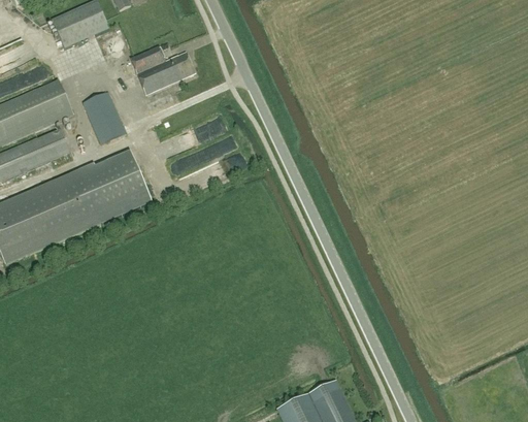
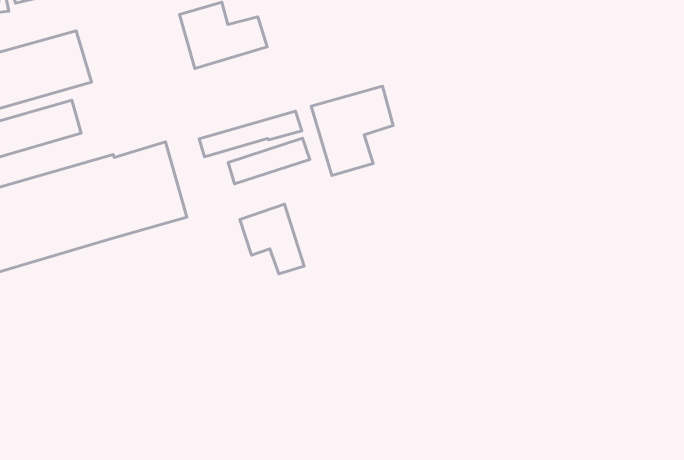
building: none -> [311,86,393,176]
building: [82,91,125,142] -> none
building: none -> [240,204,304,274]

